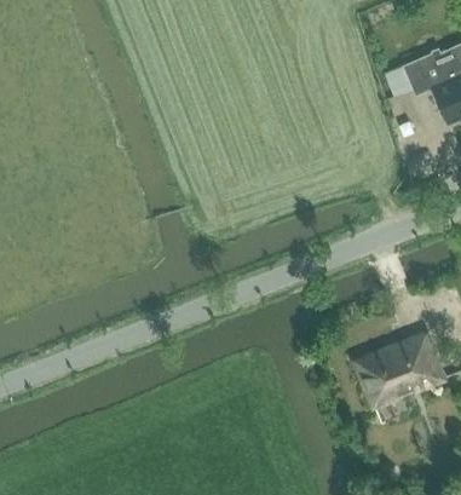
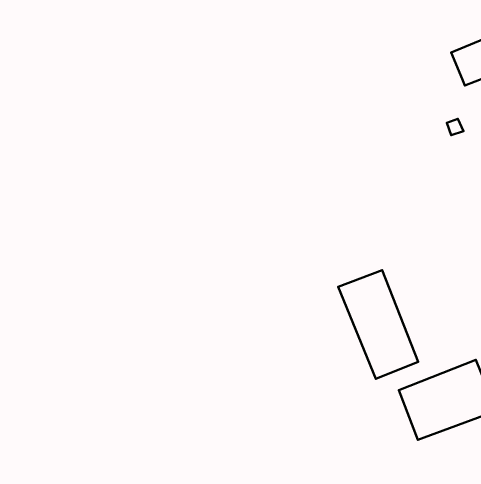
building: none -> [338,270,418,379]

